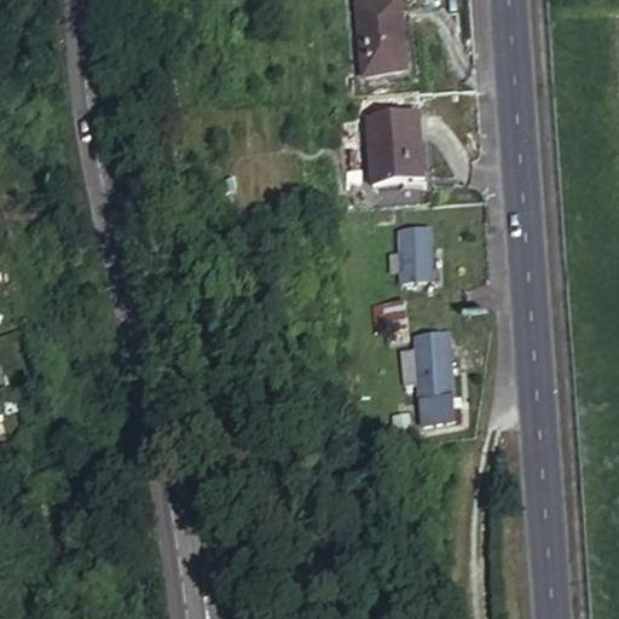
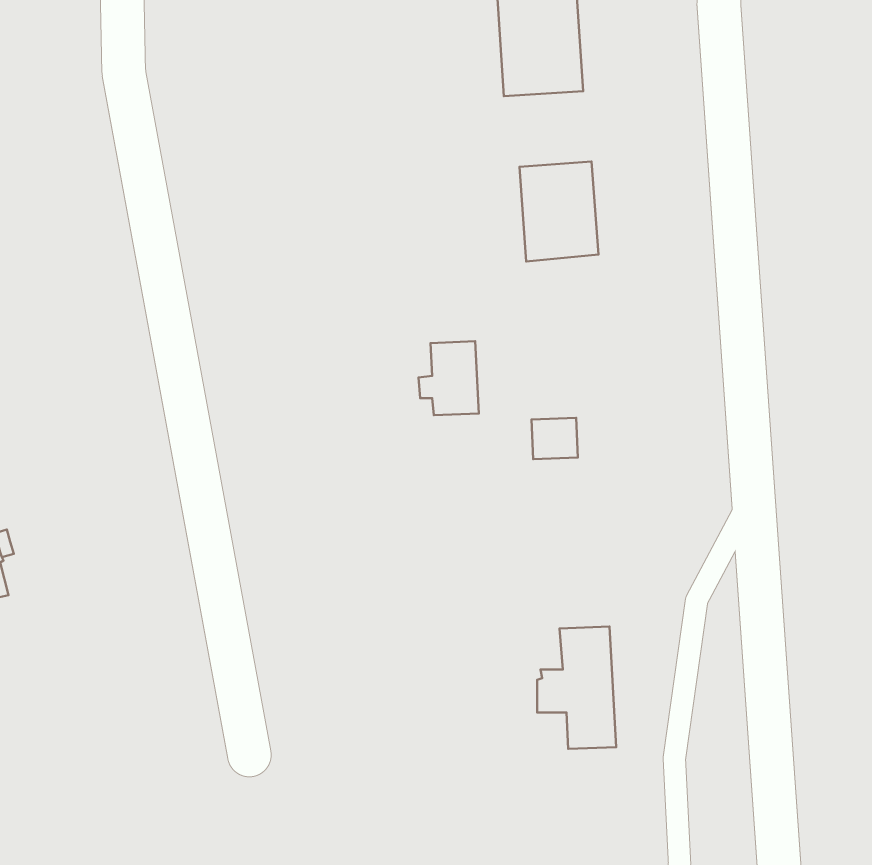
building: [392,226,434,278] -> [419,341,479,415]
building: [399,332,455,418] -> [537,627,616,749]

